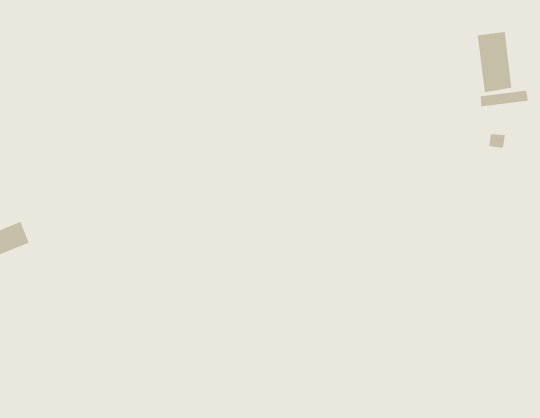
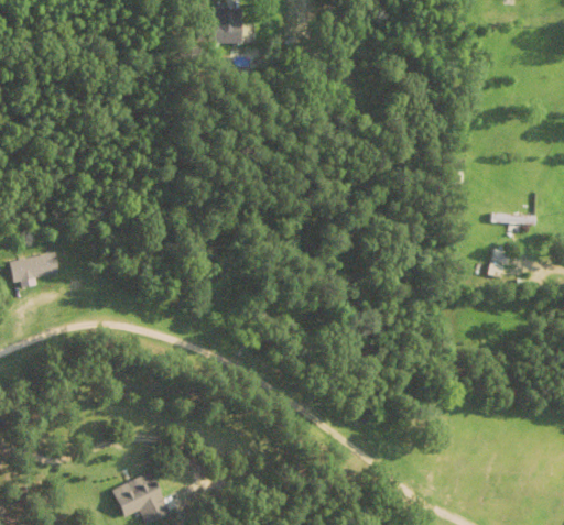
building: [477,31,512,93] -> none

